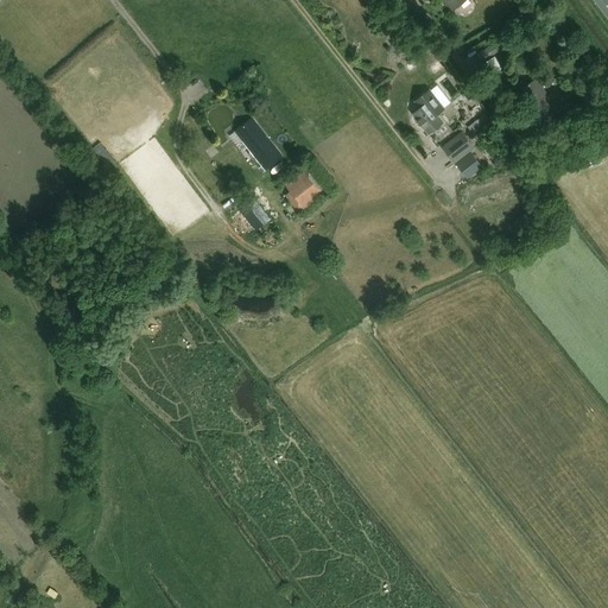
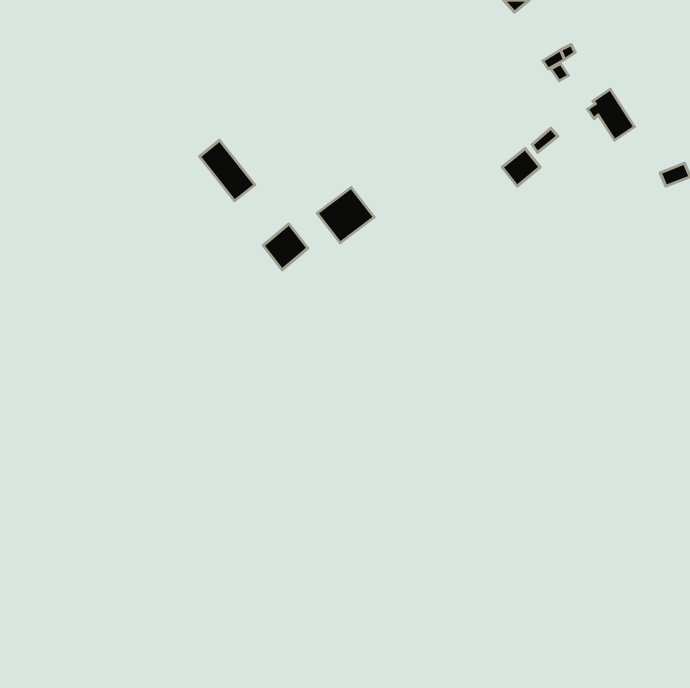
building: [412,86,450,137] -> none
building: [234,118,283,171] -> [199,140,255,201]

